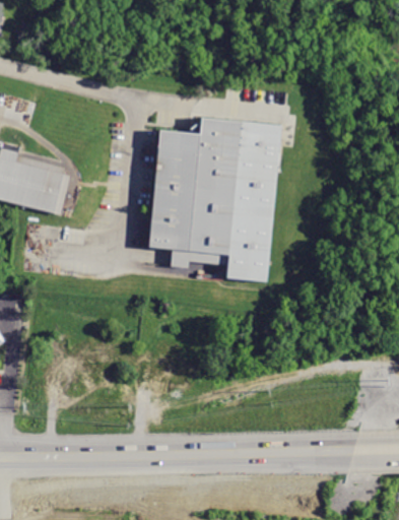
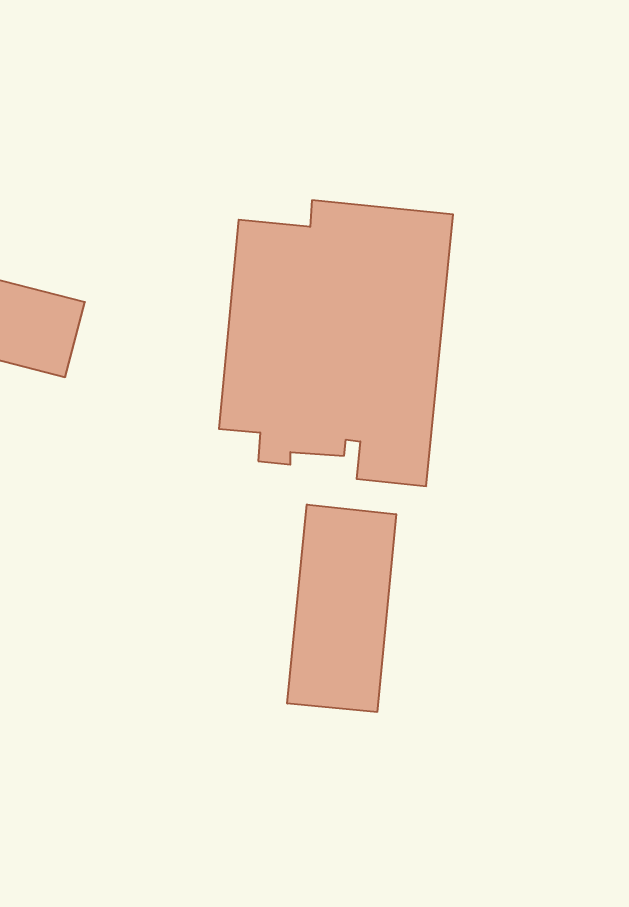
building: none -> [287,504,396,712]

